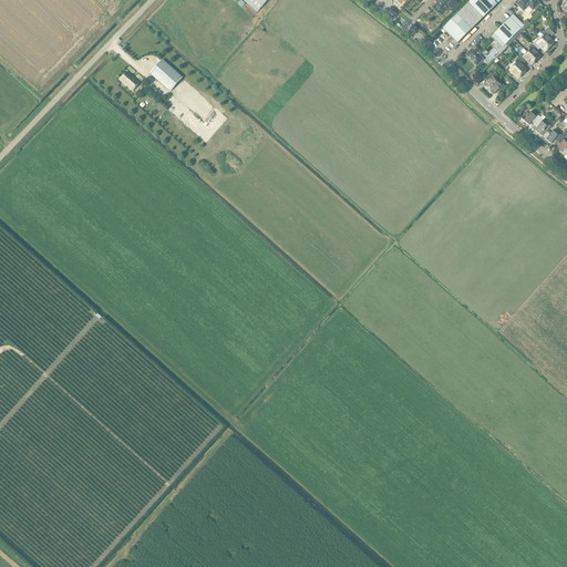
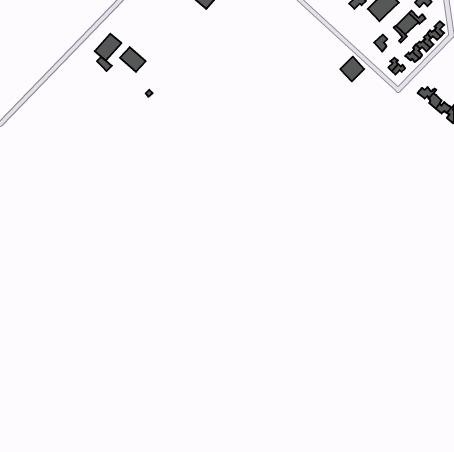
building: [443,11,473,42] -> [340,57,364,81]
building: none -> [95,34,121,61]

